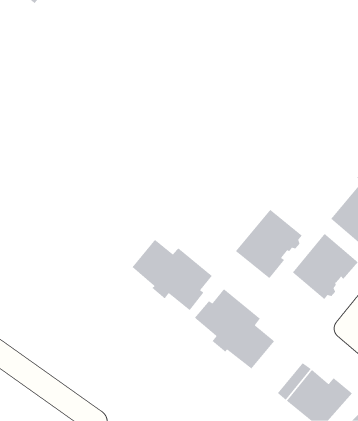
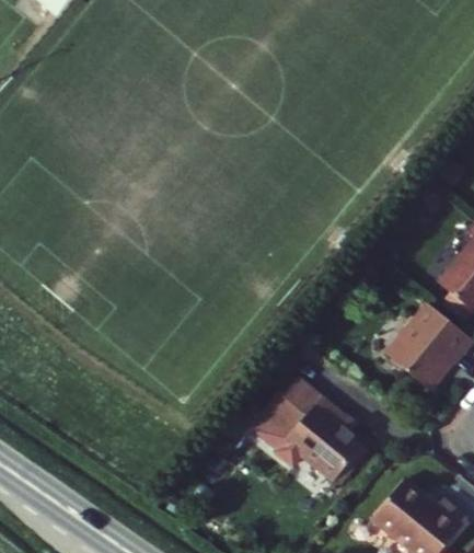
building: [235,209,303,279] -> none
building: [131,239,213,311] -> none

